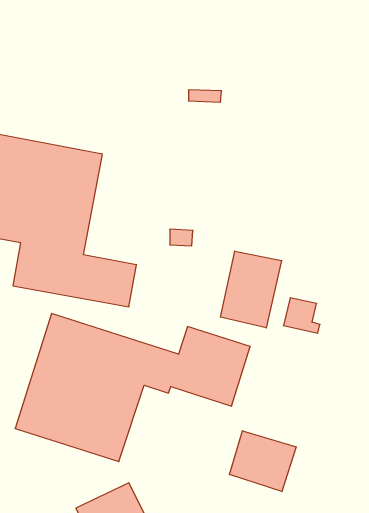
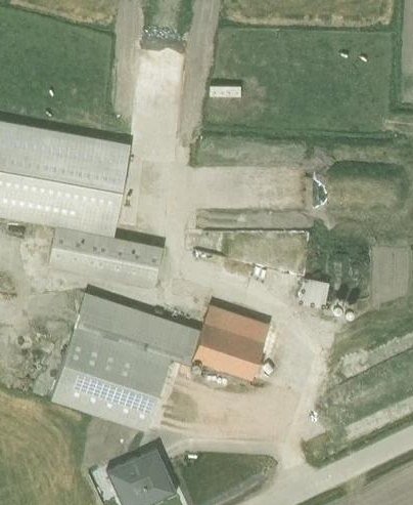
building: [220,251,282,328] -> none
building: [229,431,296,492] -> none

